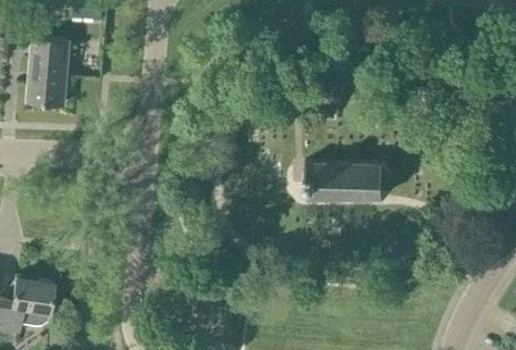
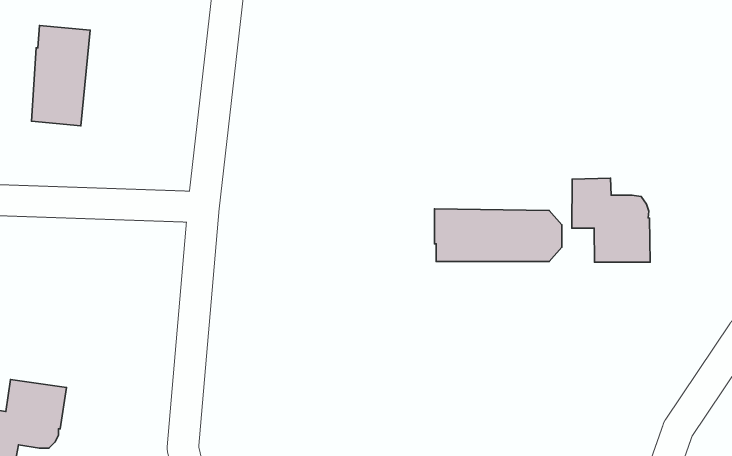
building: none -> [572,178,650,262]

